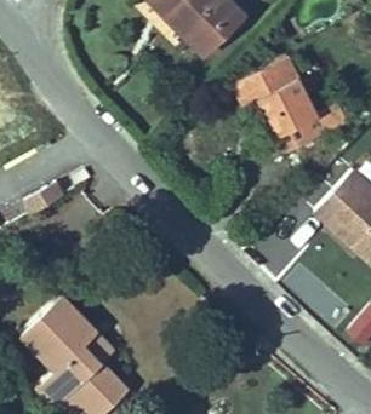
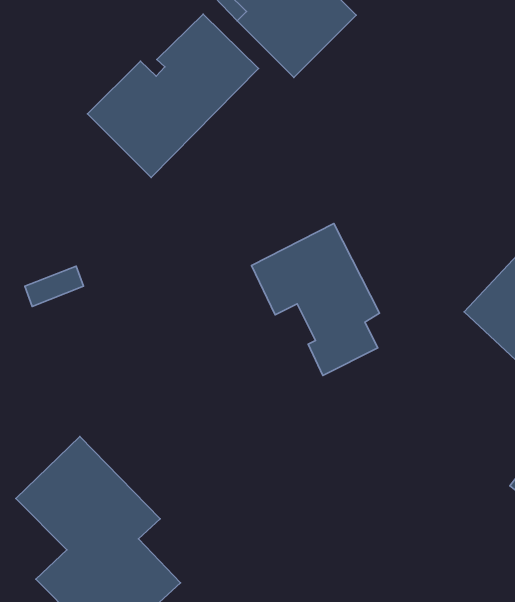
building: none -> [87,14,259,178]
building: [238,57,323,157] -> [252,223,380,375]

